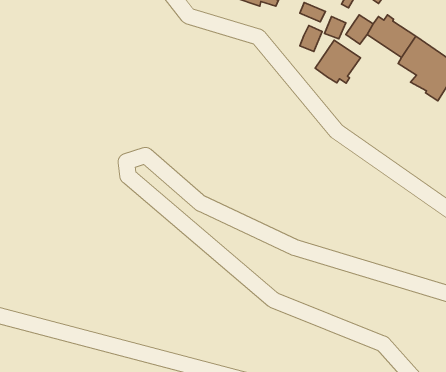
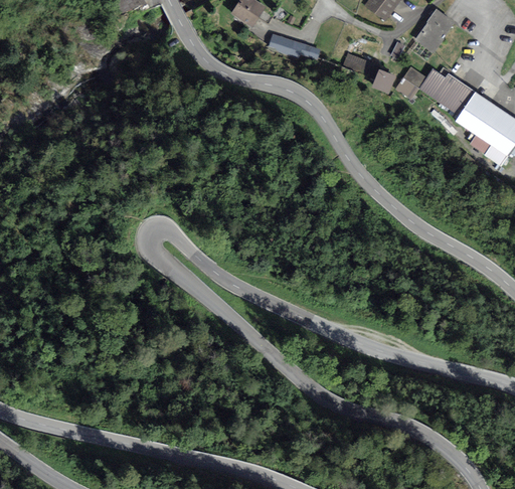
building: [300,25,322,52] -> none
building: [315,40,360,83] -> none

